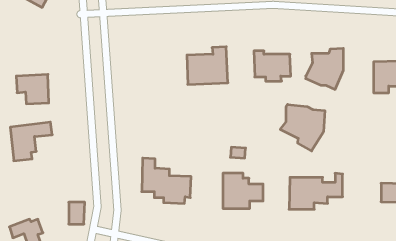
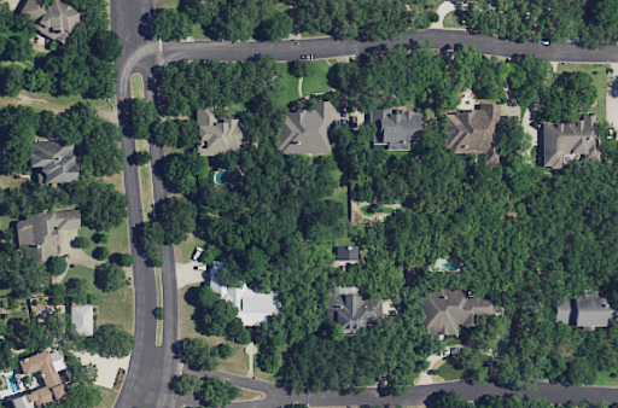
building: none -> [197,104,245,153]
building: [280,104,325,151] -> none
building: [69,202,85,224] -> [70,304,93,336]

